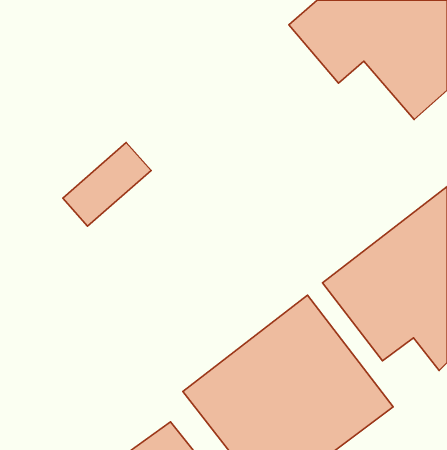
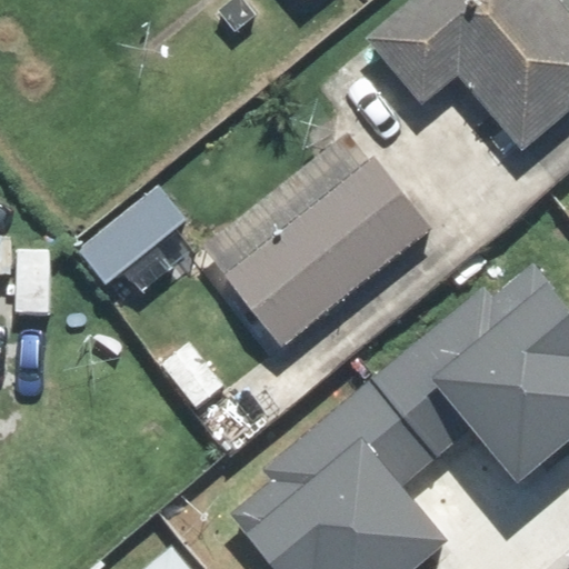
building: none -> [199,129,430,350]

